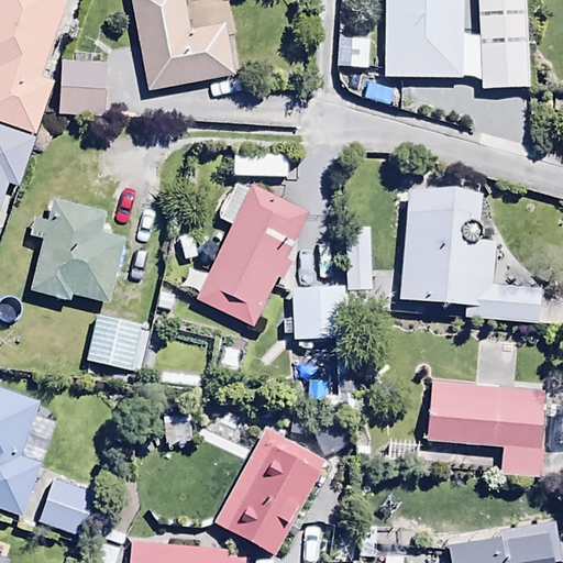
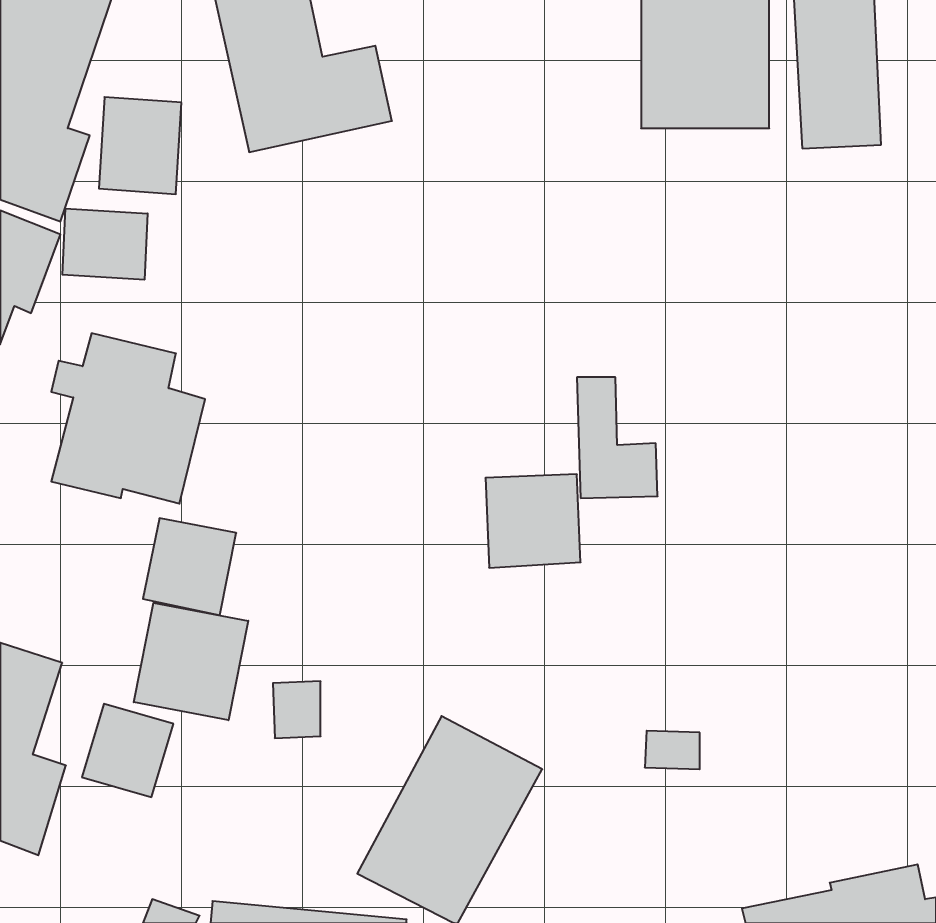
building: none -> [62,209,148,280]
building: [183,181,308,324] -> none
building: [400,190,540,323] -> none
building: [427,344,550,475] -> none
building: none -> [134,603,248,720]
building: [38,478,93,534] -> [82,704,173,797]

